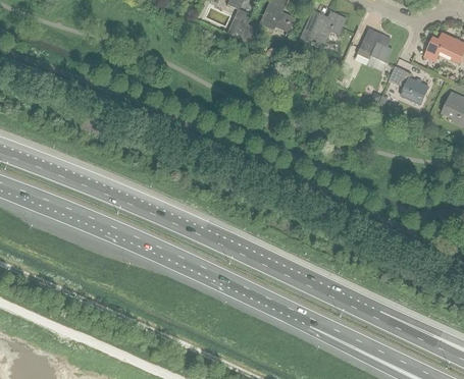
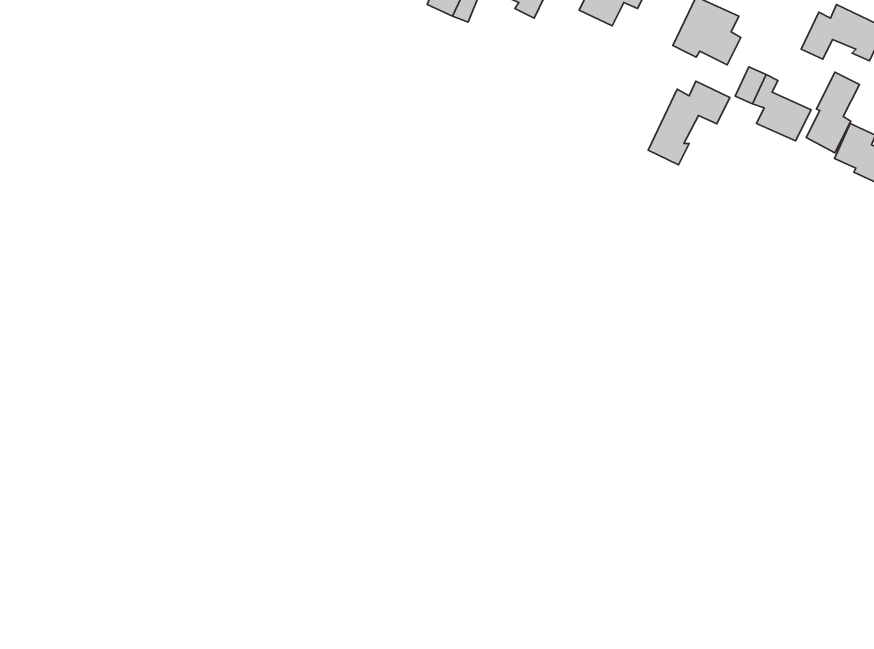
building: none -> [806,72,859,153]
building: none -> [648,81,730,165]

